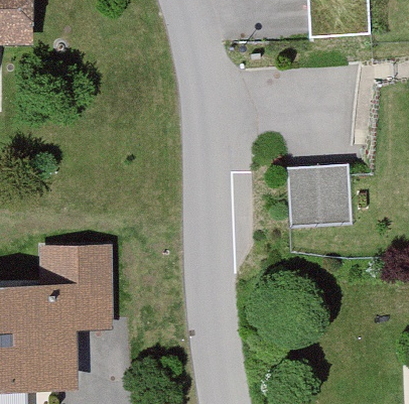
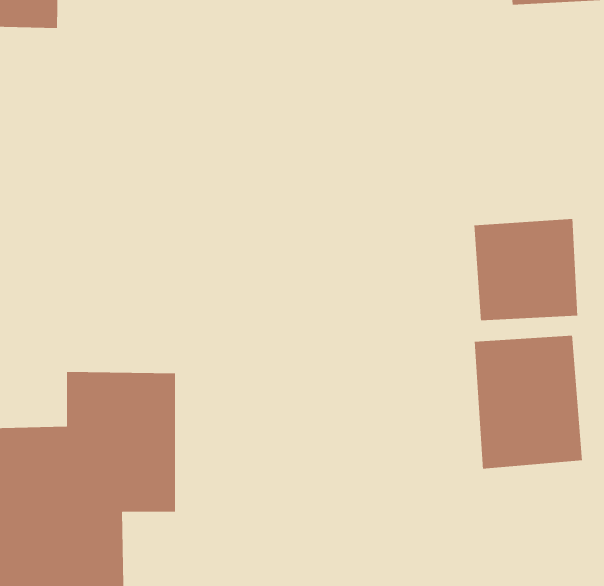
building: none -> [474,335,583,470]

